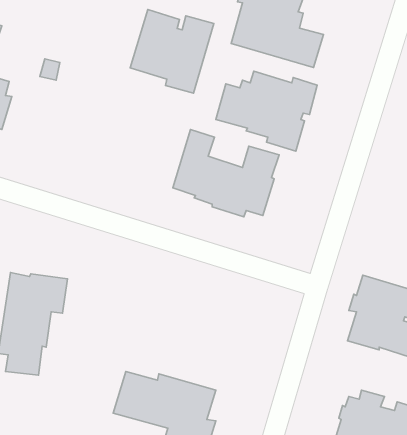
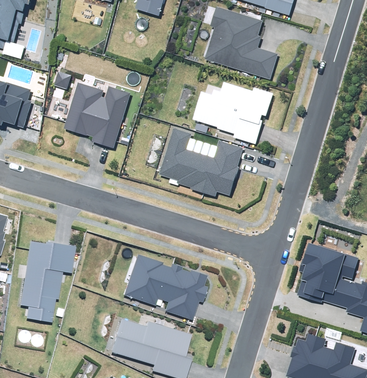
building: [130,10,214,93] -> [64,81,130,147]
building: none -> [125,254,208,318]

